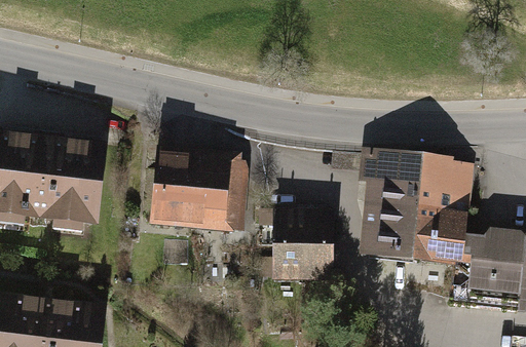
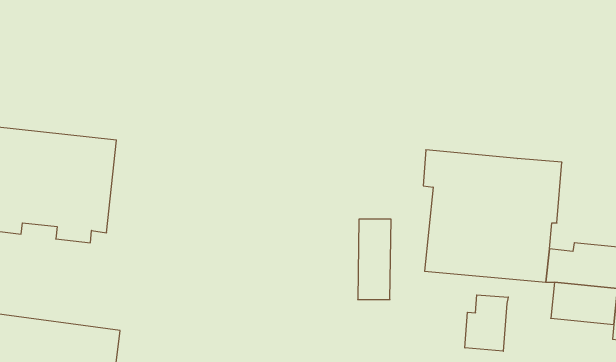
building: [150,151,241,225] -> none
building: [275,210,305,277] -> none
building: none -> [465,295,508,351]

